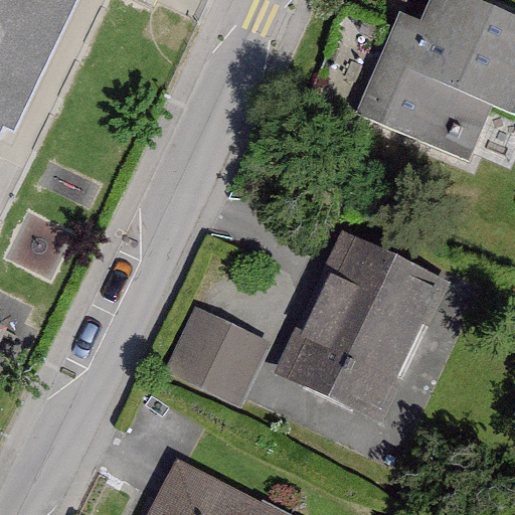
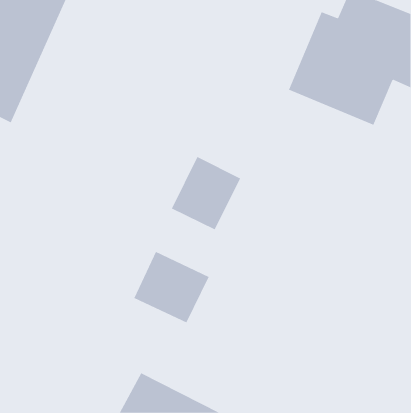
building: none -> [171,156,241,230]
building: [280,237,442,415] -> none

